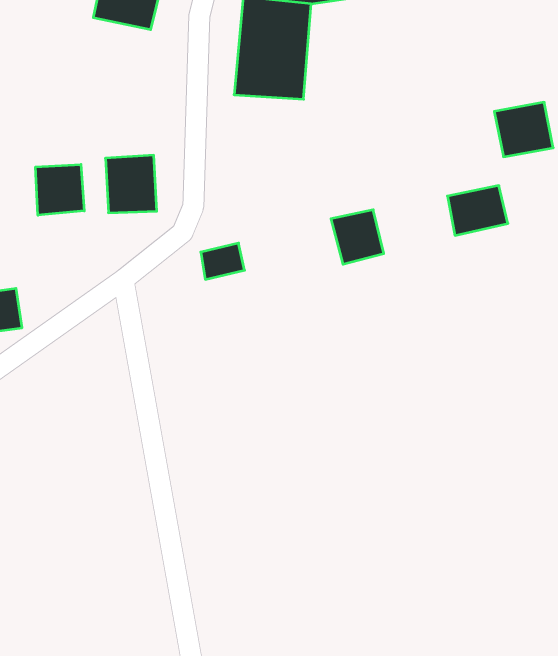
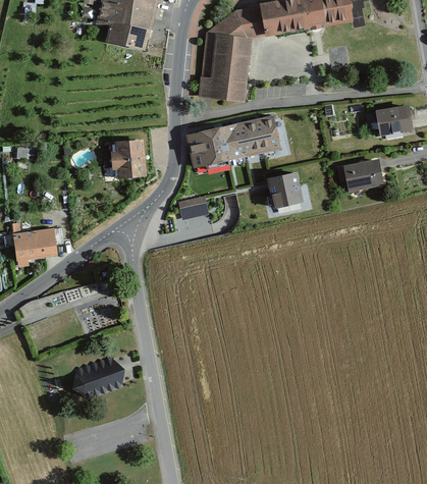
building: none -> [185,116,279,168]
building: [36,164,84,215] -> none
building: none -> [73,355,130,399]

